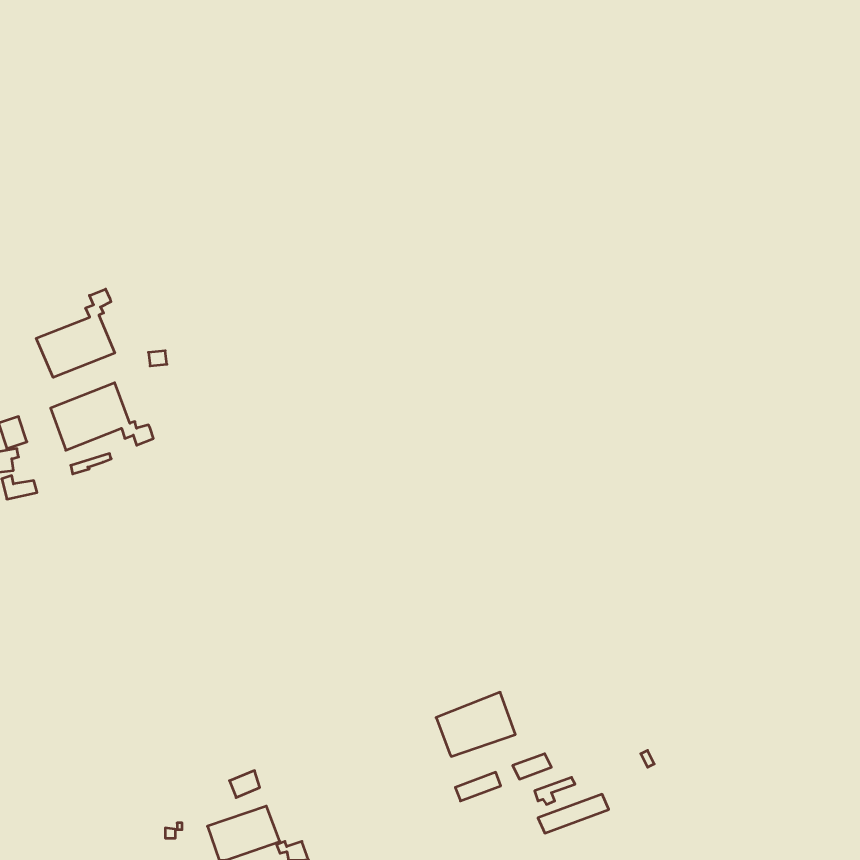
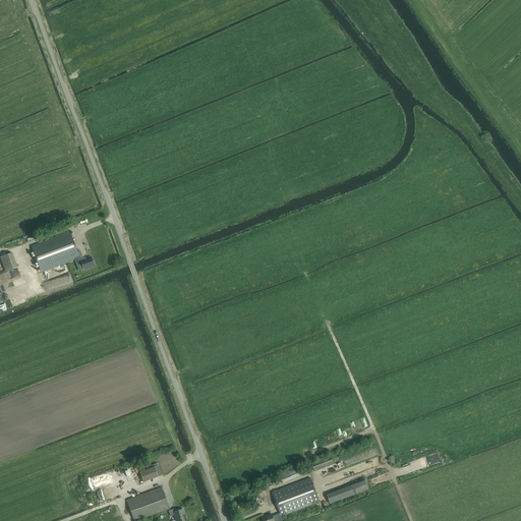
building: [36,289,115,377] -> none
building: [436,692,515,756] -> [271,476,319,515]

